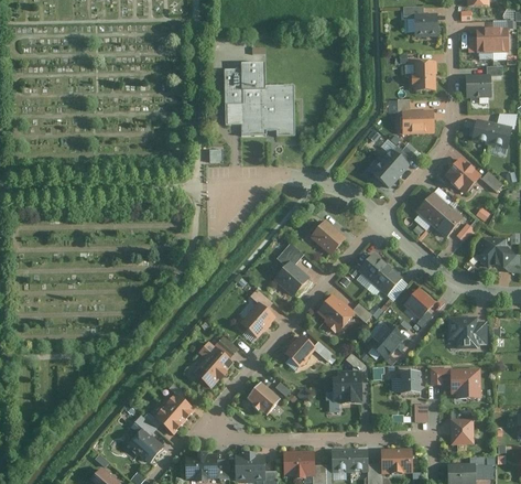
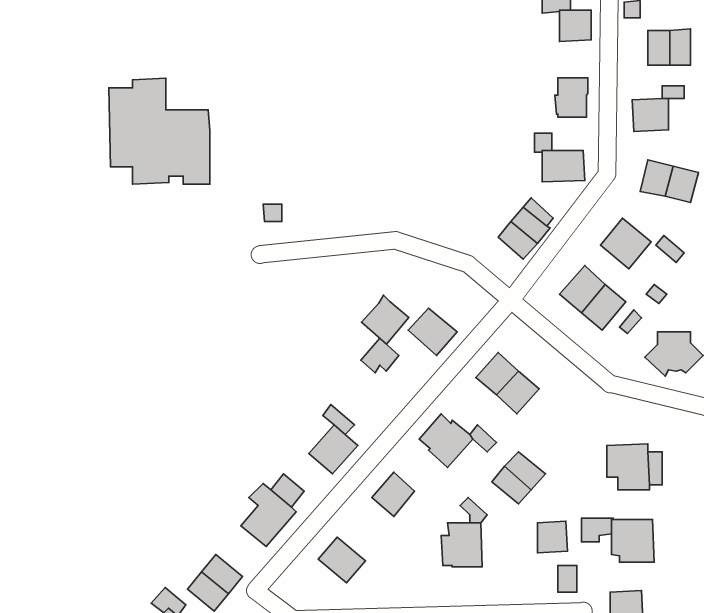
building: [224,62,294,136] -> [109,78,210,184]
building: [274,261,307,295] -> [361,295,409,344]
building: [404,289,434,319] -> none

